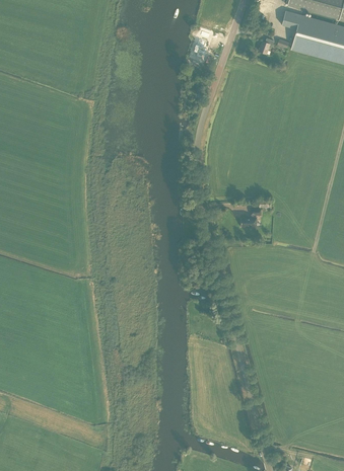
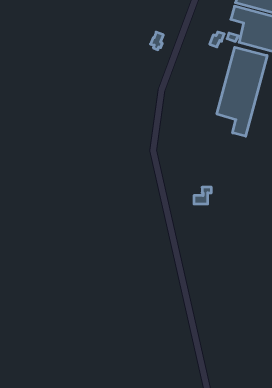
building: none -> [217,47,267,136]

